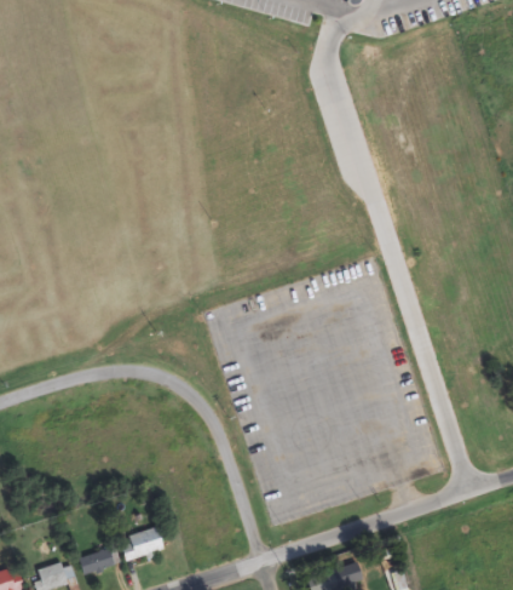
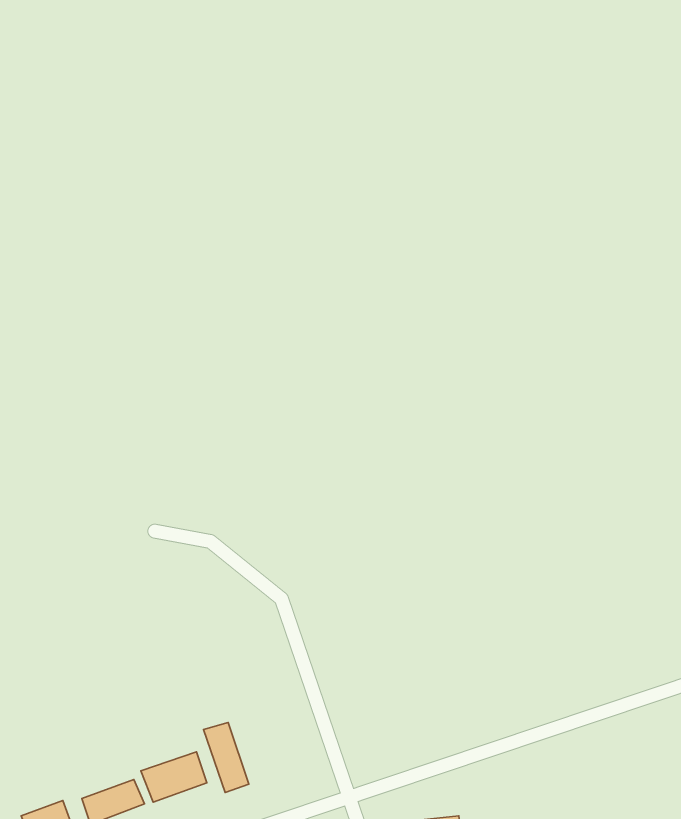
building: none -> [203,722,249,793]

